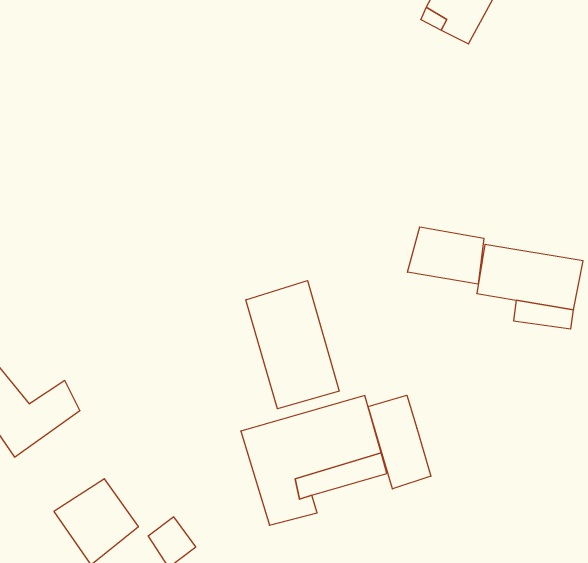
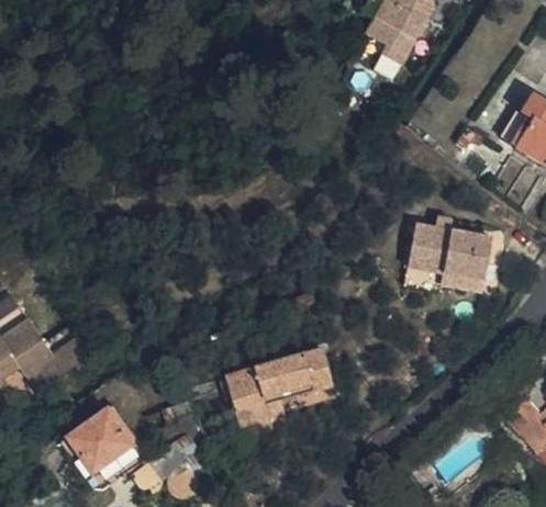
building: [407,227,484,284] -> none
building: [246,281,339,409] -> none
building: [368,395,431,489] -> none

